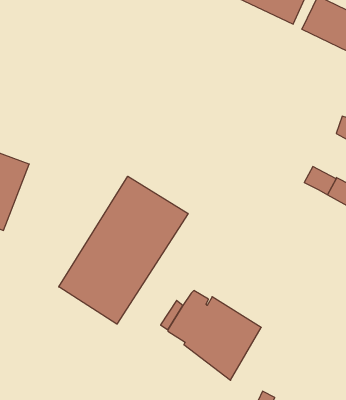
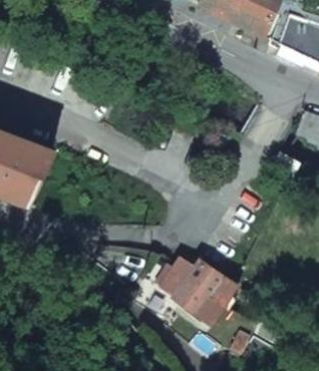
building: [59,176,188,324] -> none

